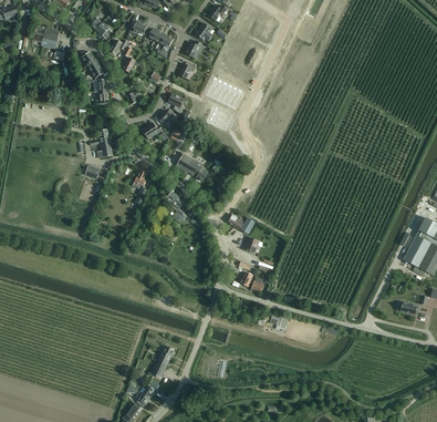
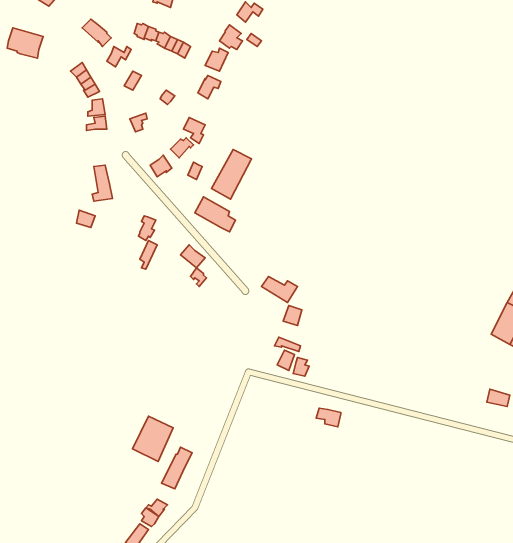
building: none -> [212,149,252,199]
building: none -> [132,416,173,462]

